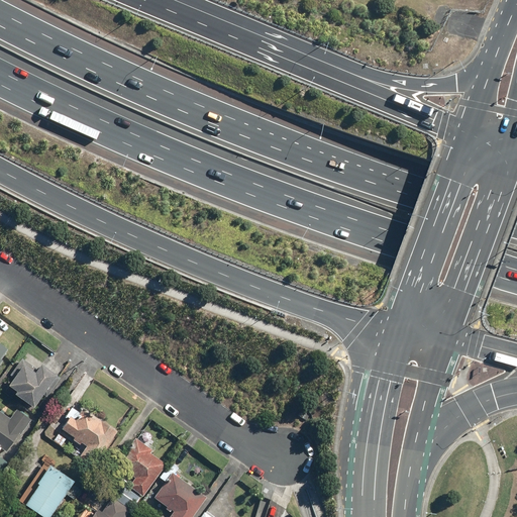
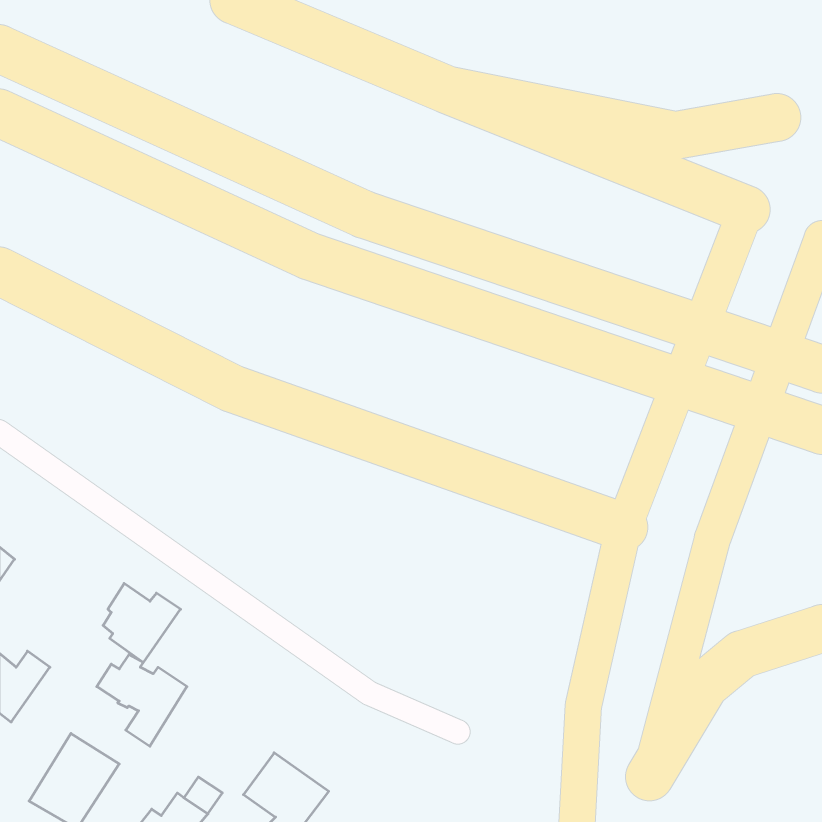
building: [8,359,57,409] -> [103,583,181,662]
building: [118,439,167,497] -> none

